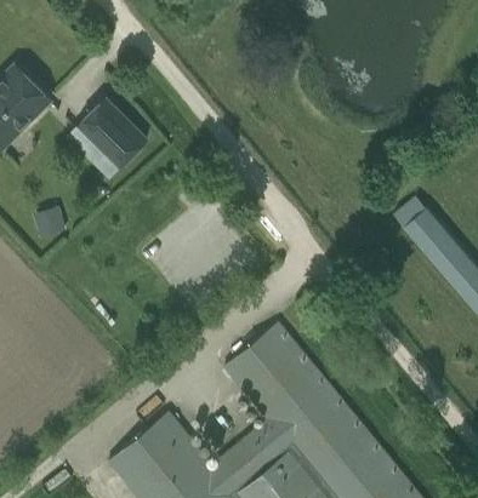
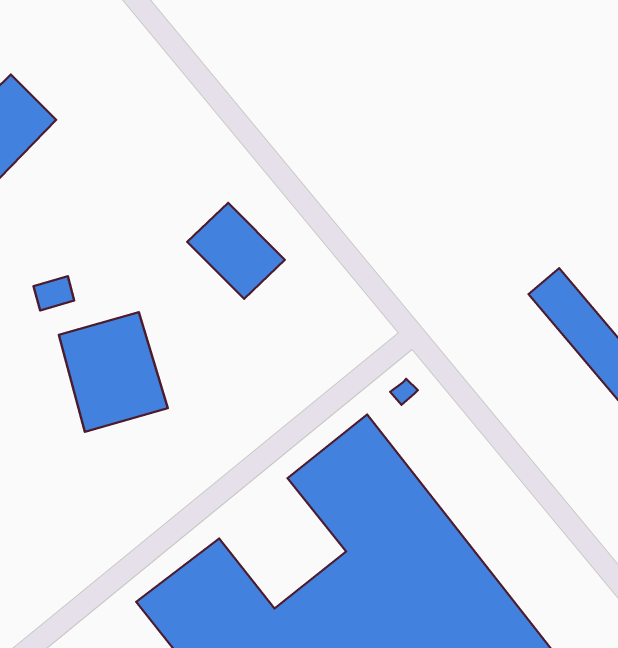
building: [75,99,148,171] -> [187,203,285,299]
building: none -> [59,312,168,432]

